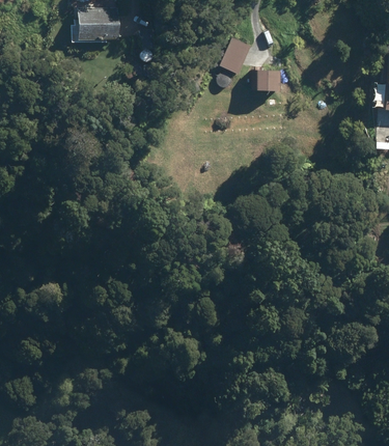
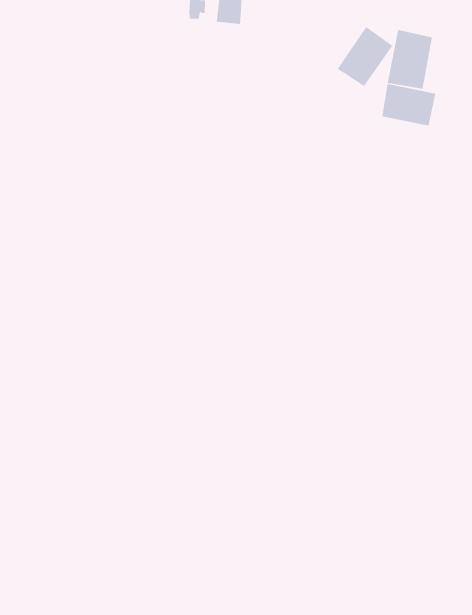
building: none -> [387,29,432,89]

